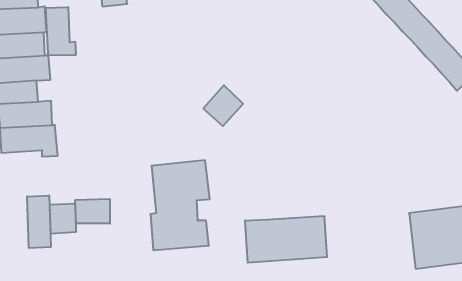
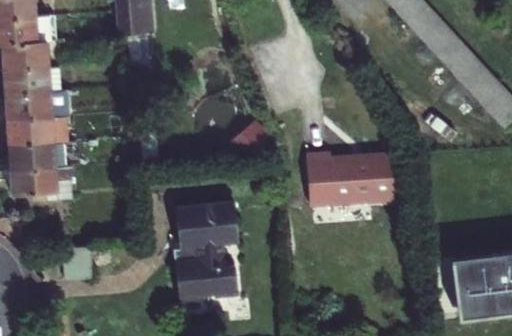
building: [46,7,76,56] -> none
building: [27,195,51,248] -> none
building: [75,199,110,224] -> none
building: [245,216,327,263] -> [306,155,395,205]

